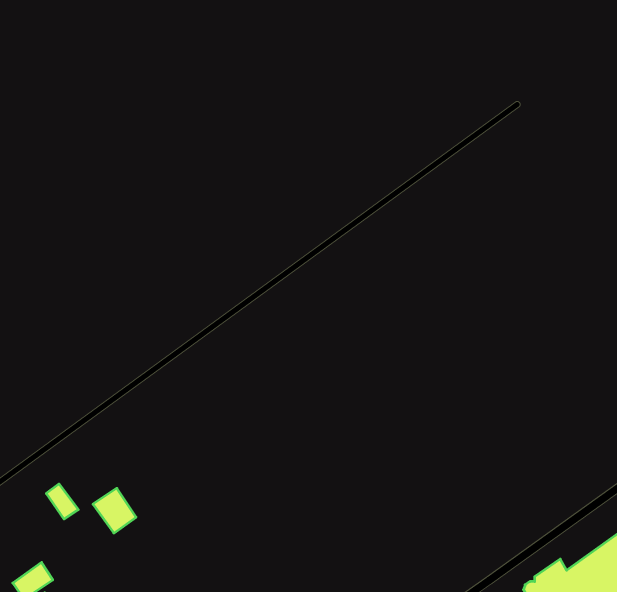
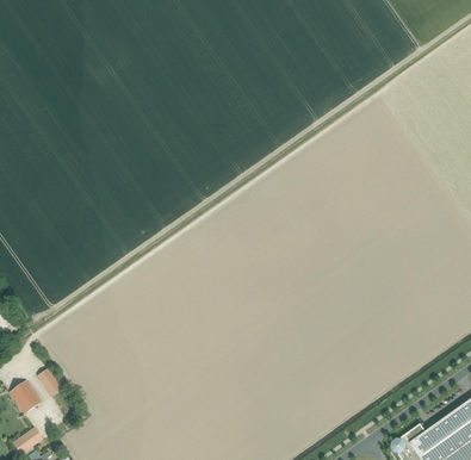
building: [93,488,136,533] -> [8,381,41,415]

